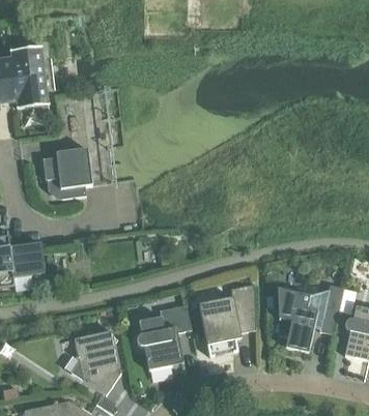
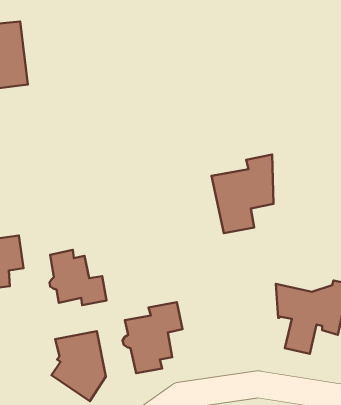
building: [42,147,92,198] -> none
building: none -> [50,250,107,305]
building: [198,283,255,355] -> [211,154,273,233]

